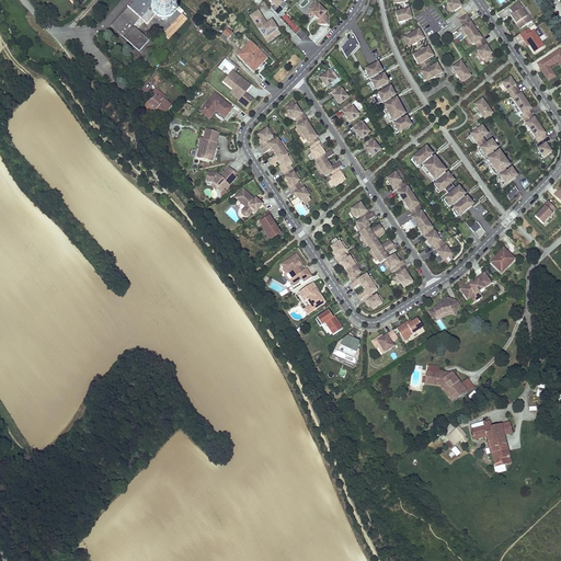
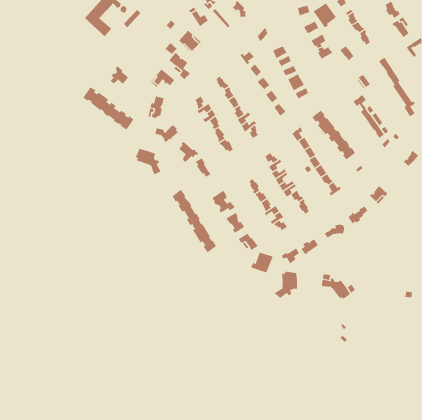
building: none -> [83,86,134,130]
building: none -> [135,148,161,175]
building: none -> [172,189,217,253]
building: none -> [274,271,298,299]
building: [472,419,512,462] -> none

